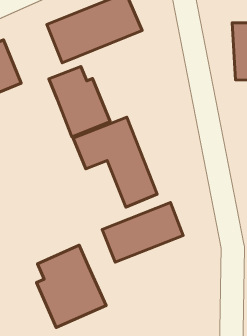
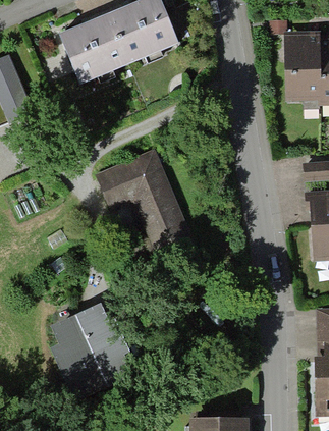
building: [49,66,110,137] -> none
building: [102,202,183,262] -> none

